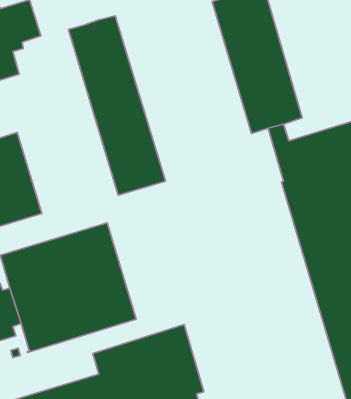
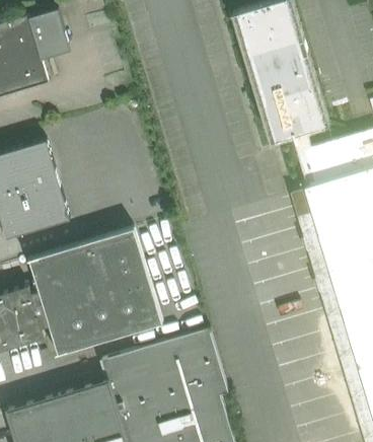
building: [69,16,166,195] -> none

